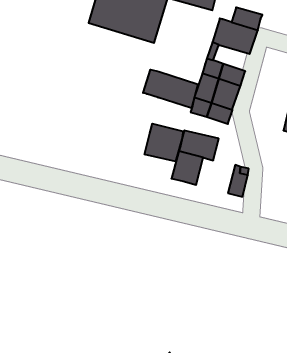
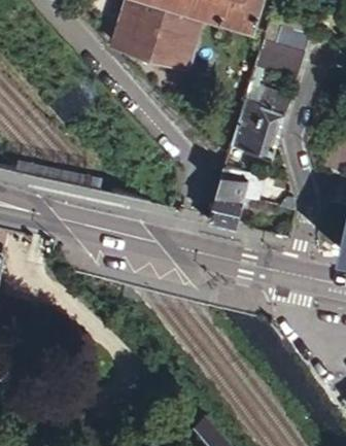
building: [143,70,198,108] -> none
building: [145,124,183,162] -> none

